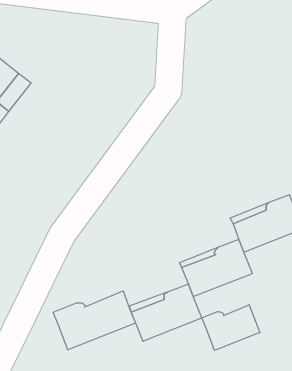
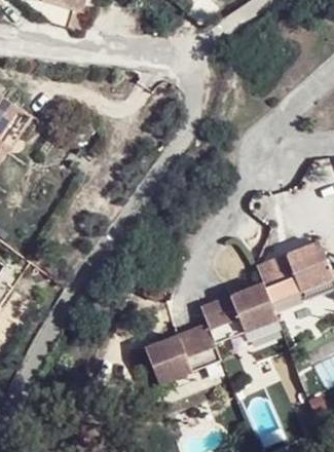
building: [53,291,136,350] -> none
building: [202,305,260,350] -> none

